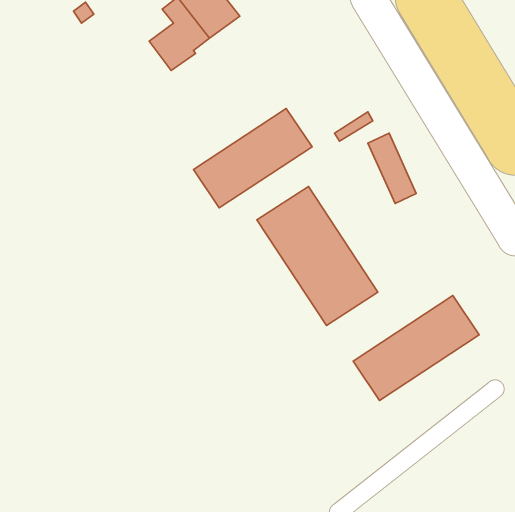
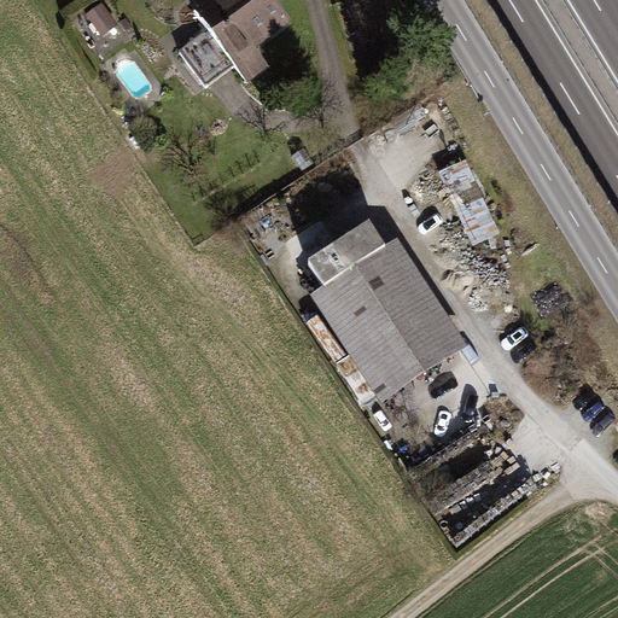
building: [193,108,312,208] -> none
building: [353,296,479,400] -> none

